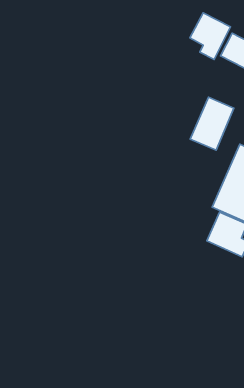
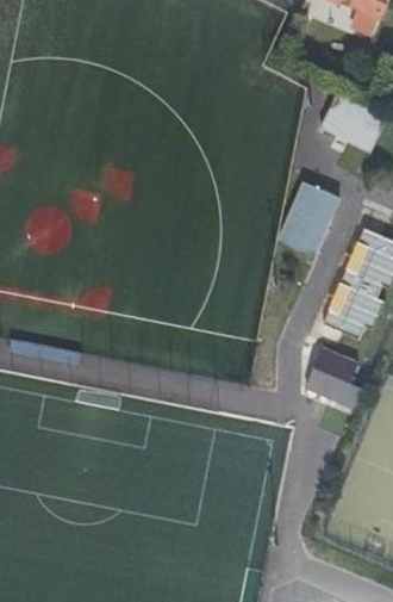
building: [190,13,231,59] -> none

